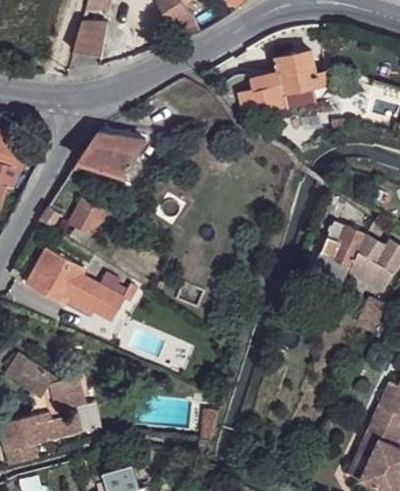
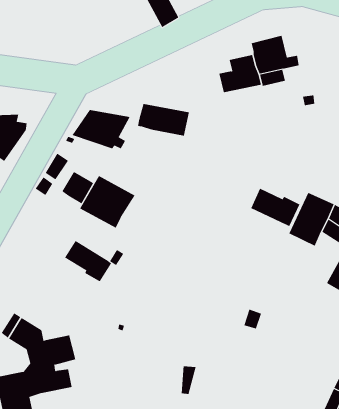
building: [71,19,106,56] -> none
building: none -> [138,103,190,136]
building: none -> [251,188,300,227]
building: [26,247,87,305] -> [79,175,135,229]

